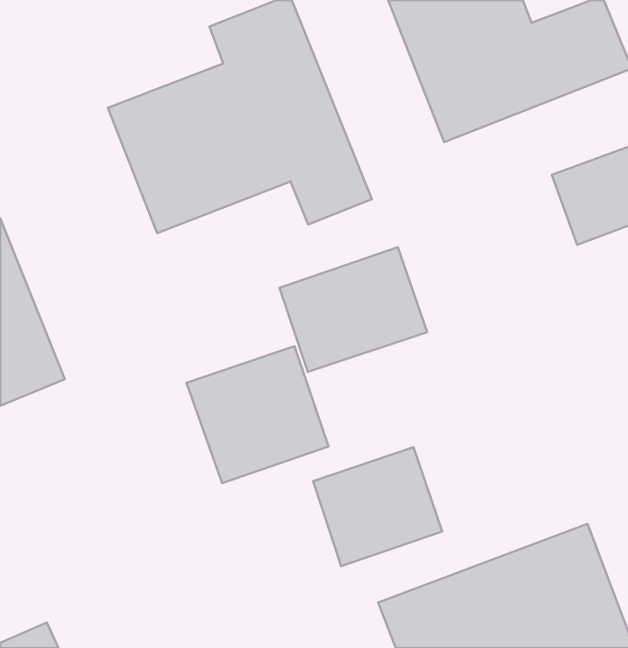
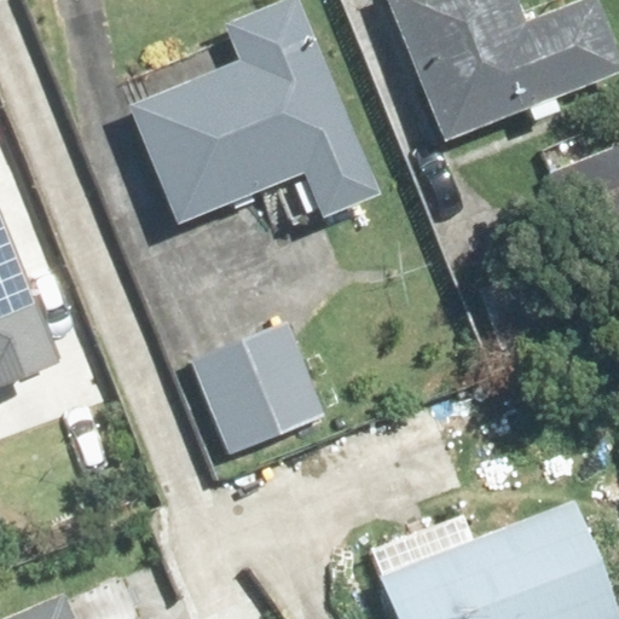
building: [280,247,427,372] -> none
building: [313,447,442,566] -> none

